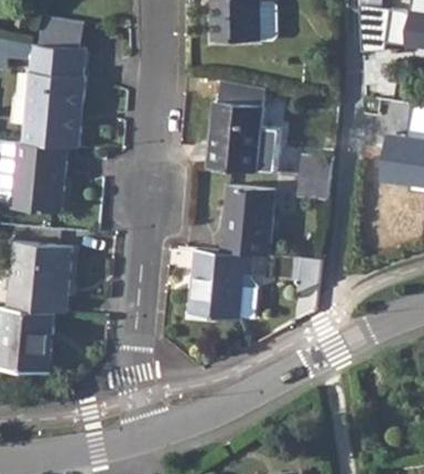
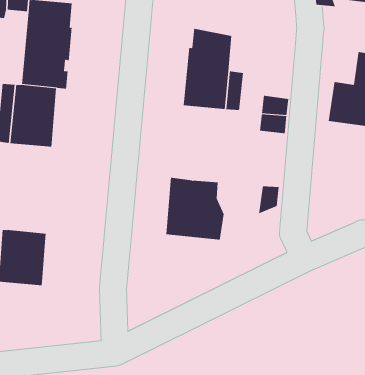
building: [220,184,272,255] -> none
building: [9,240,72,312] -> none

